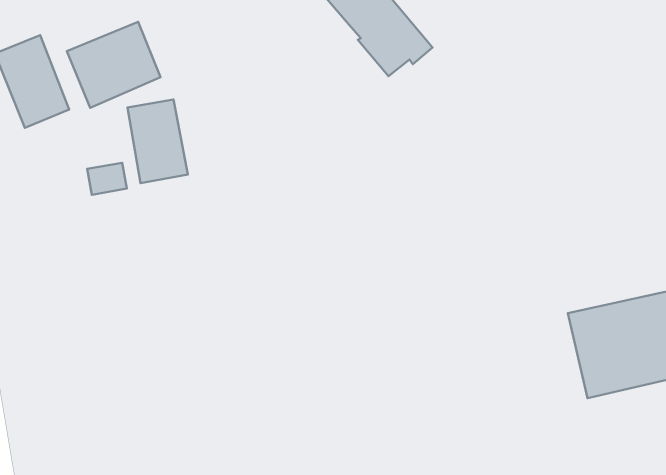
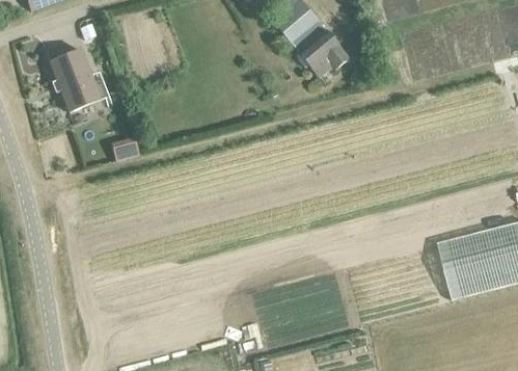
building: [67,22,161,108] -> none
building: [127,100,188,183] -> none

